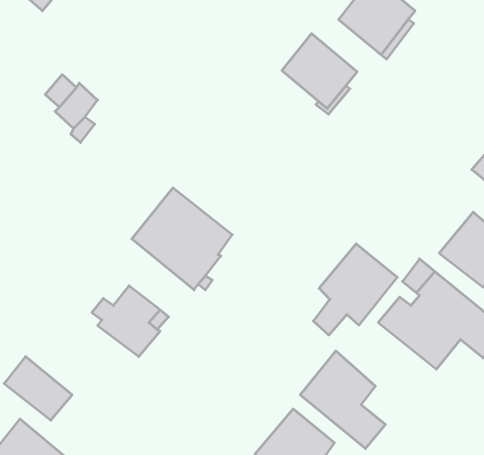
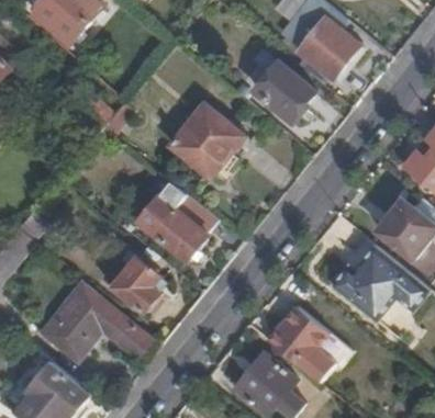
building: none -> [169,104,242,177]
building: [313,244,397,335] -> none
building: none -> [55,283,150,360]

